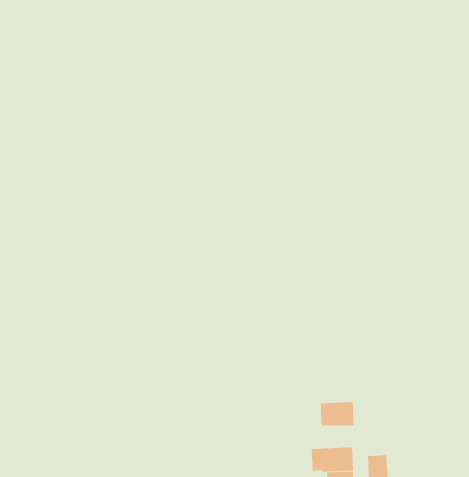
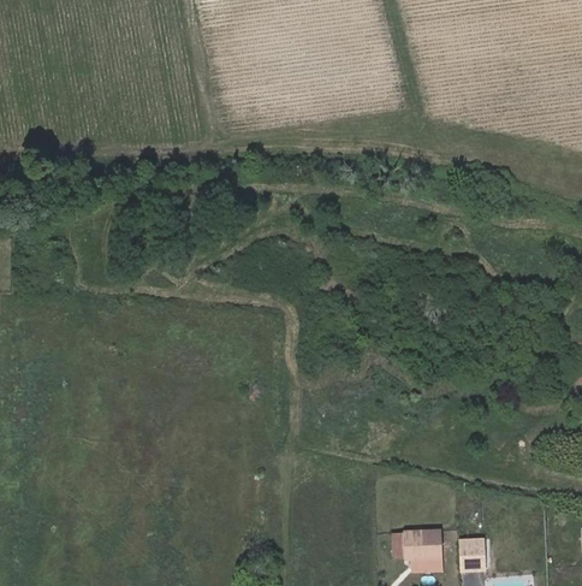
building: [320,401,354,427] -> none

